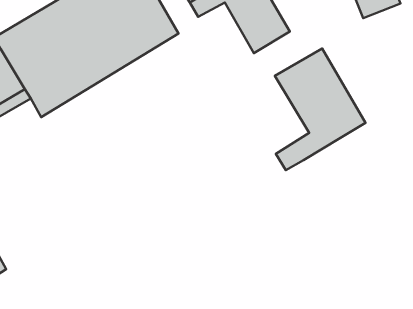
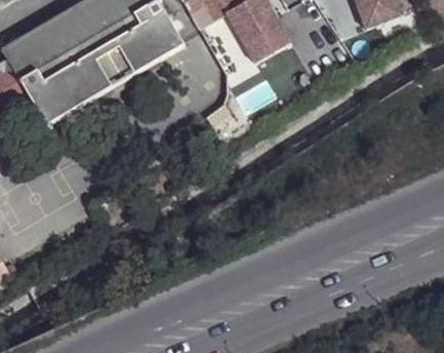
building: [275,49,366,170] -> none

